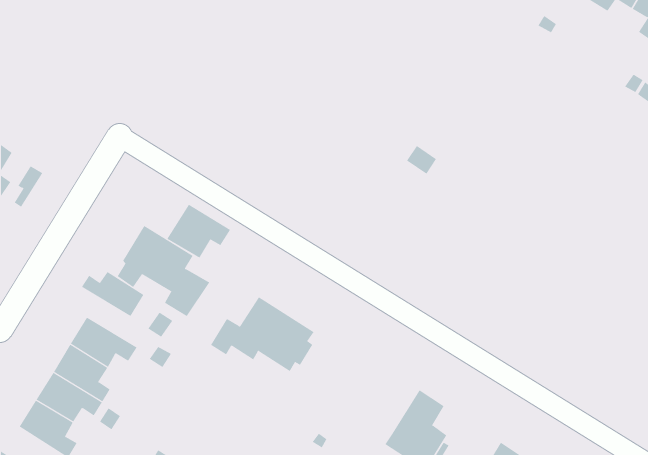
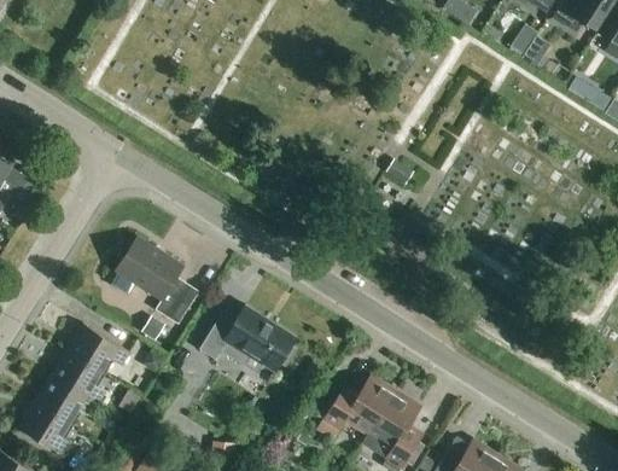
building: [167,204,231,259] -> none
building: [81,271,144,317] -> none
building: none -> [325,377,397,434]

